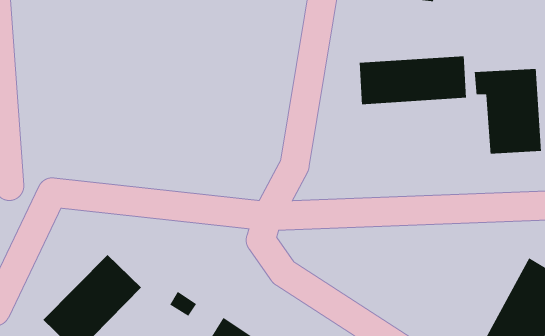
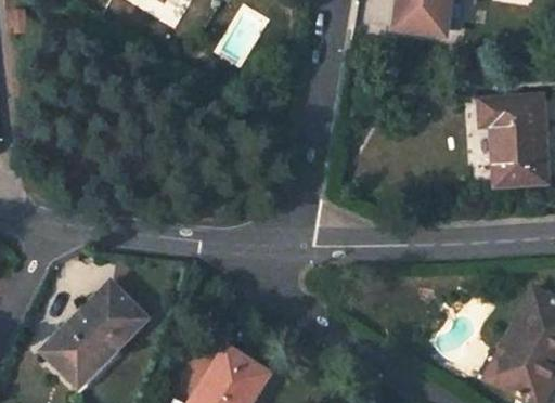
building: [359,55,467,105] -> none

